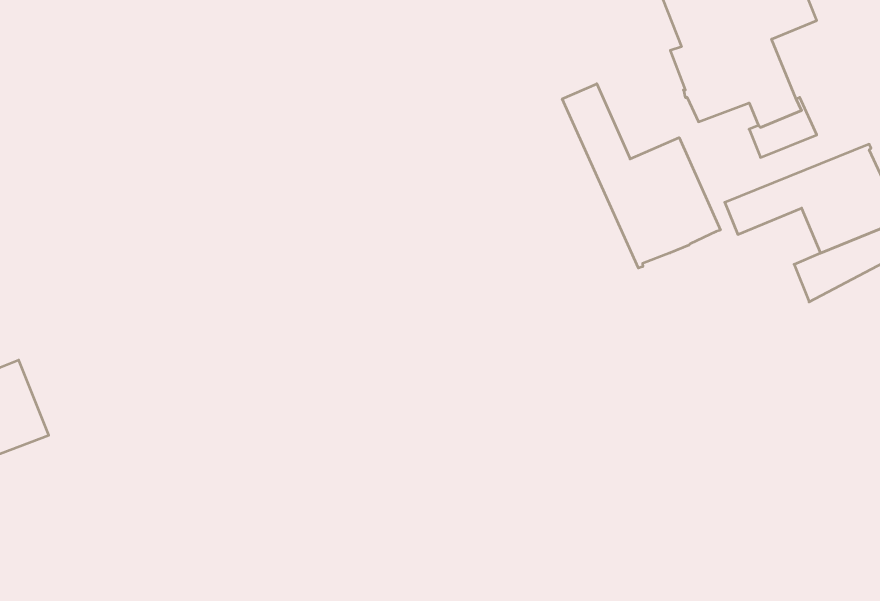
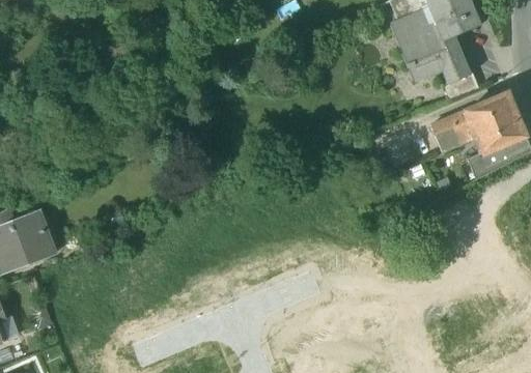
building: [562,84,720,268] -> none

